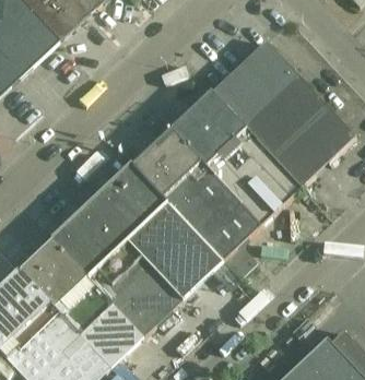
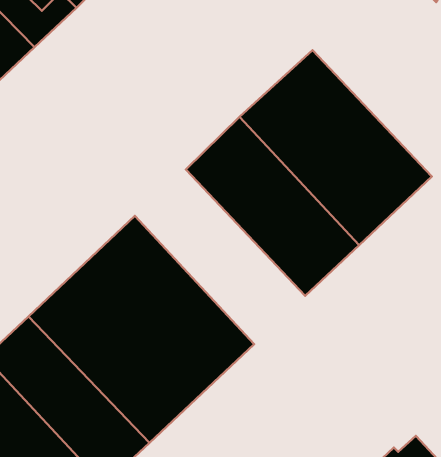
building: [132,130,260,261] -> none

